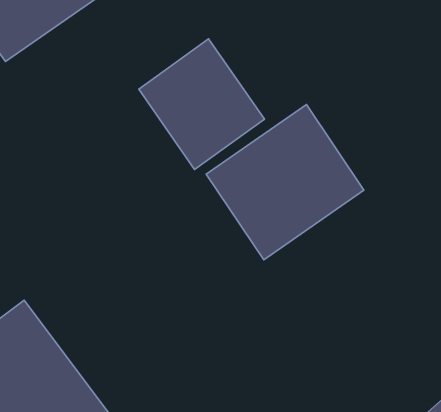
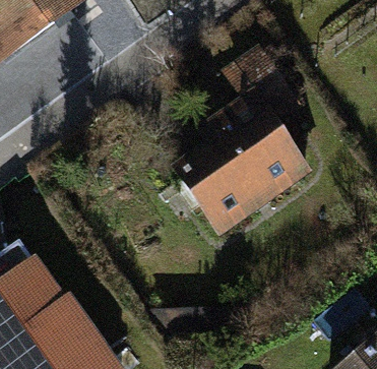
building: [139,39,264,169] -> none

